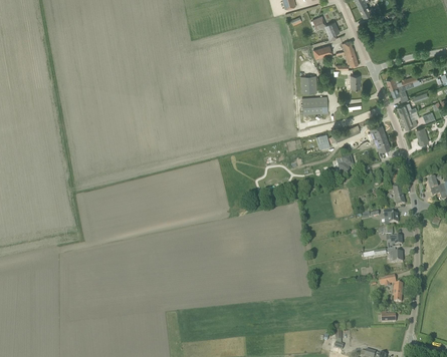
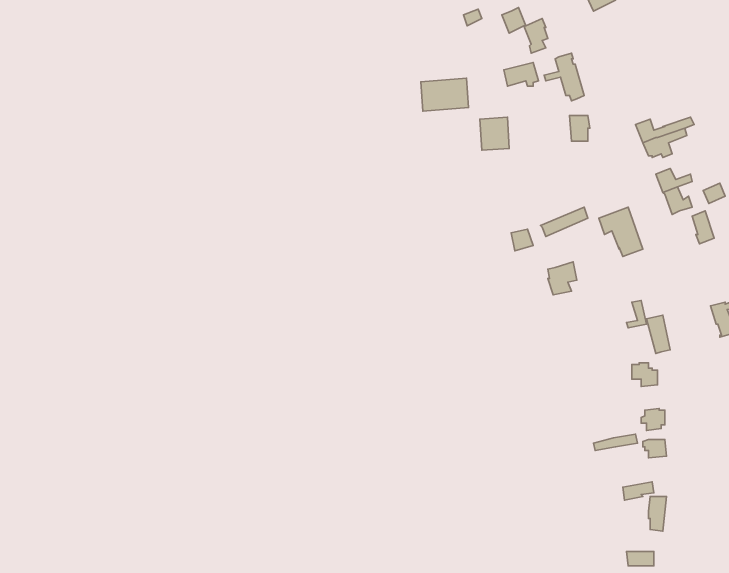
building: [301,96,327,114] -> [421,78,468,111]

